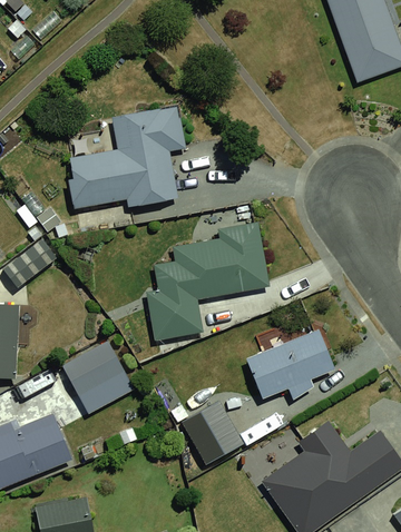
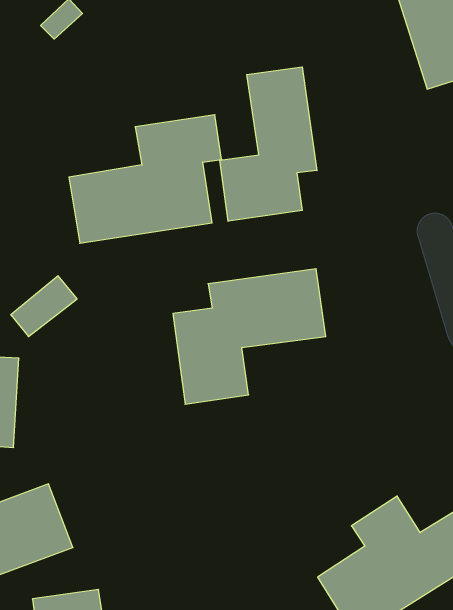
building: none -> [220,67,317,221]
building: [244,324,340,402] -> none
building: [55,336,134,414] -> none
building: [176,397,239,456] -> none

